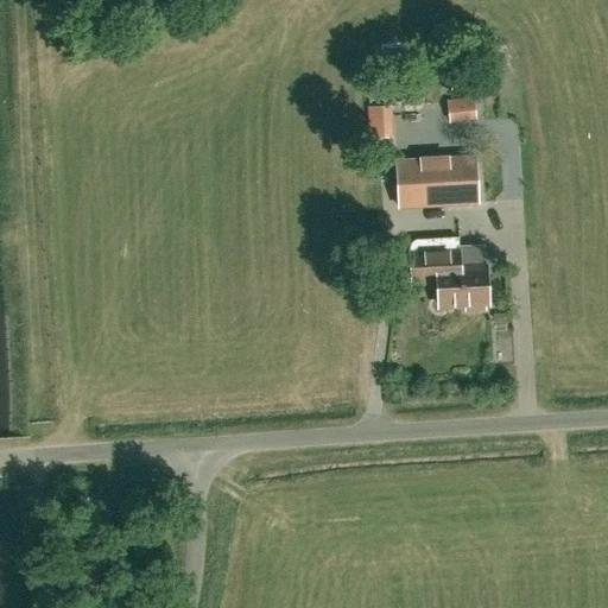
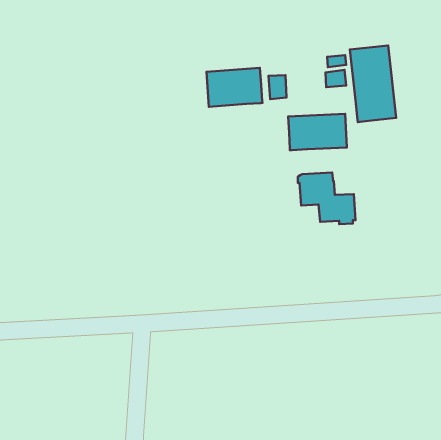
building: none -> [350,45,396,122]
building: none -> [206,68,262,107]

